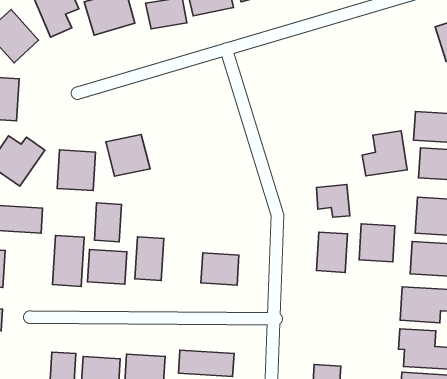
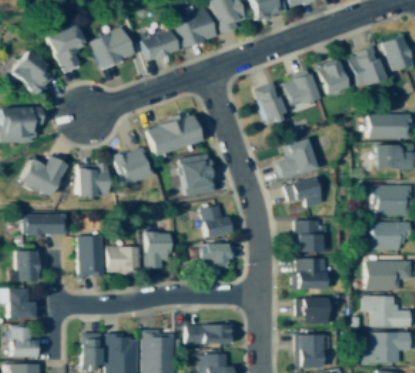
building: none -> [348,48,385,87]
building: none -> [317,61,347,96]
building: none -> [283,75,316,108]
building: none -> [254,83,285,125]
building: none -> [146,115,200,156]
building: [362,131,407,176] -> [278,139,316,178]
building: none -> [180,154,214,196]
building: [94,203,121,242] -> none
building: none -> [201,204,229,237]
building: [359,224,395,262] -> [296,259,324,289]
building: none -> [302,298,327,323]

